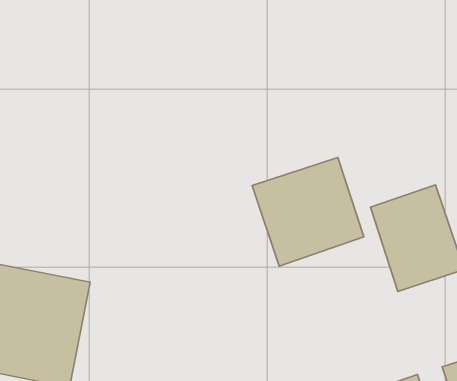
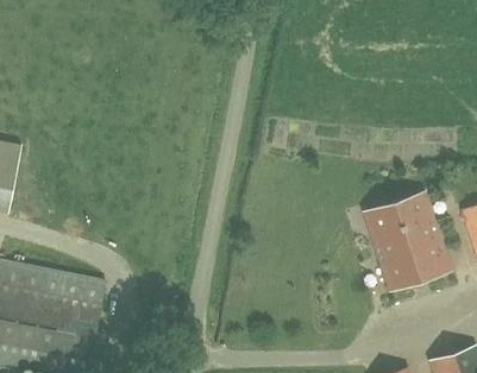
building: [252,157,364,266] -> none

